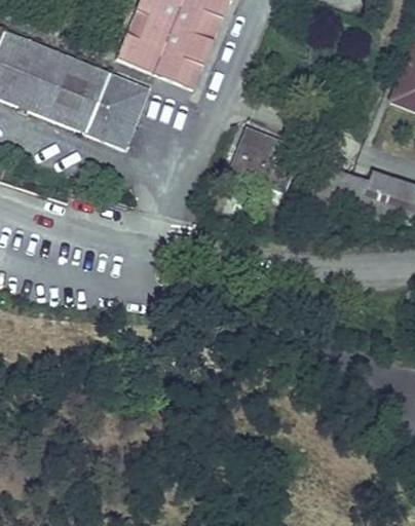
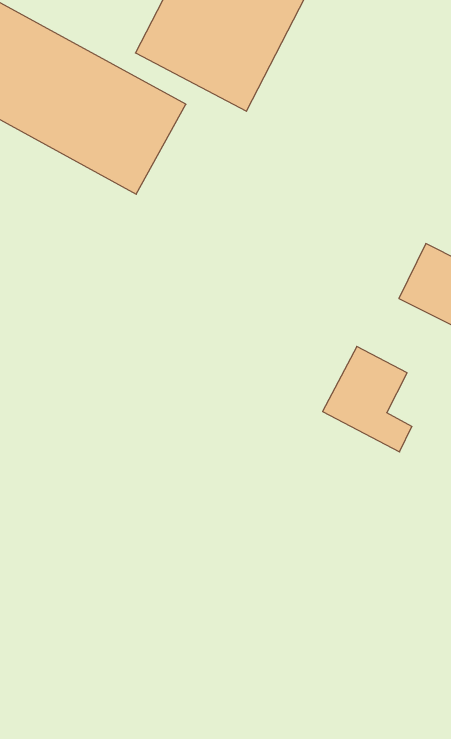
building: [229,127,289,193] -> [323,346,412,452]

